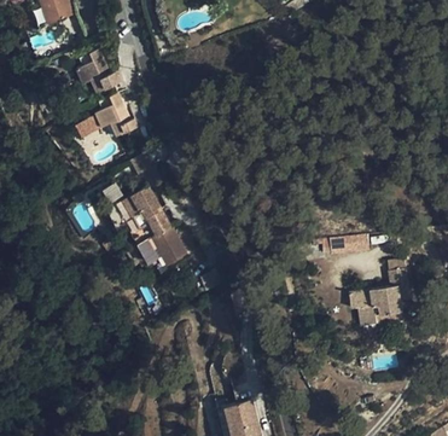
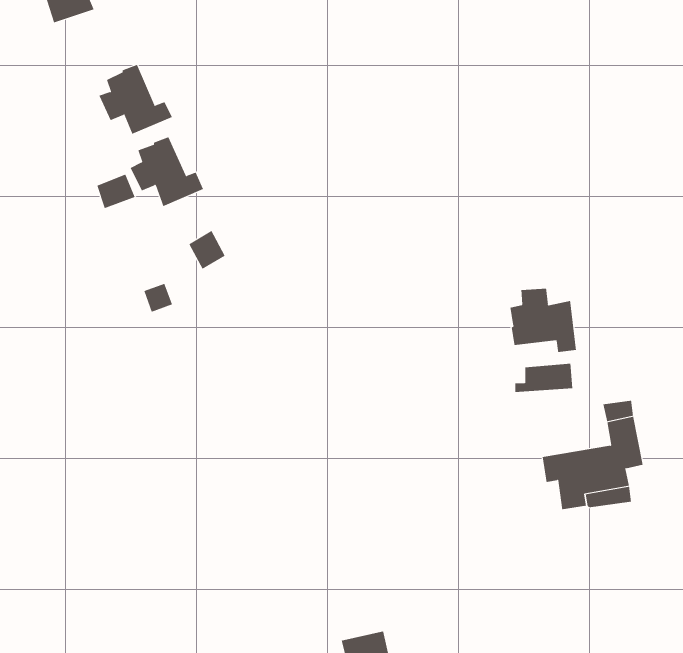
building: [122,186,187,267] -> none
building: none -> [510,288,577,353]

